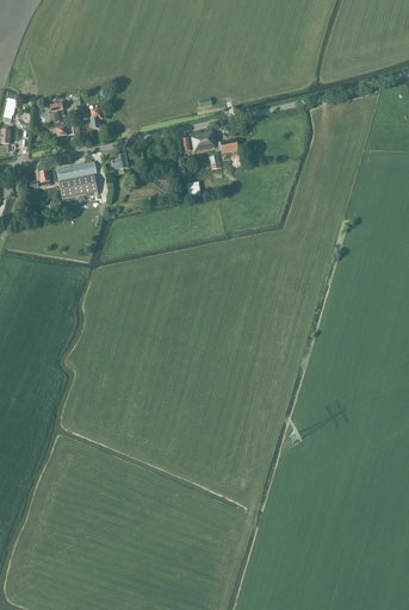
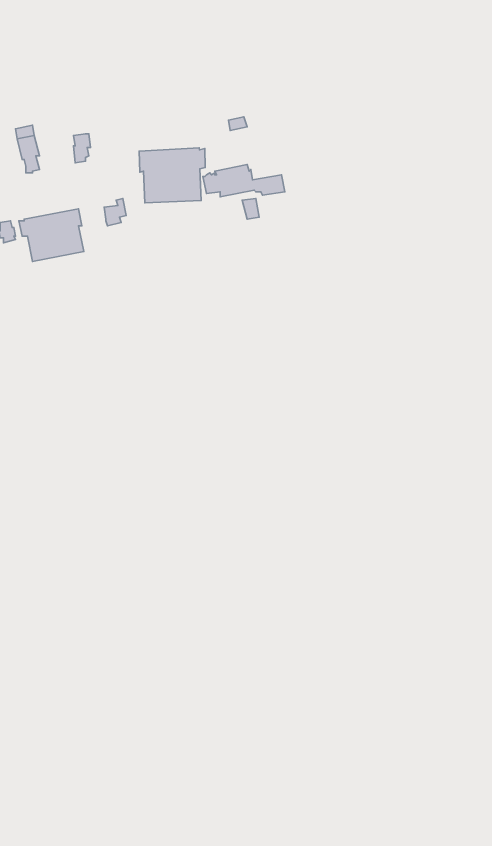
building: none -> [139,148,205,203]

